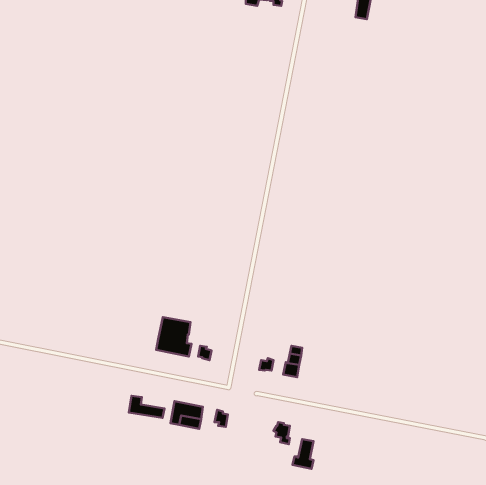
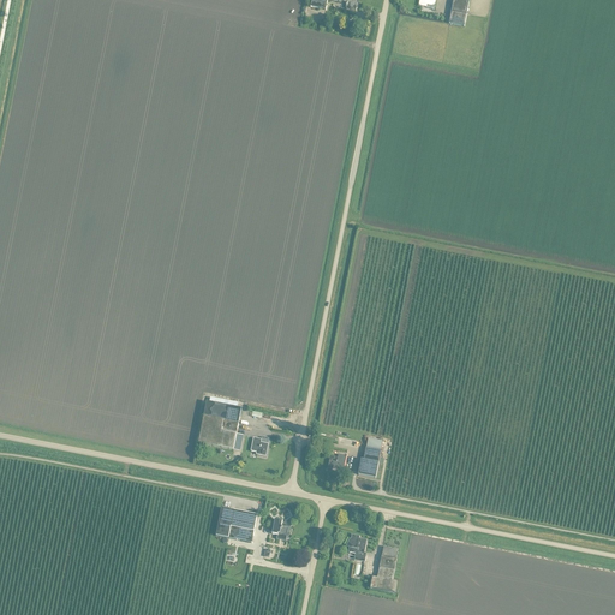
building: [129,396,164,418] -> none

